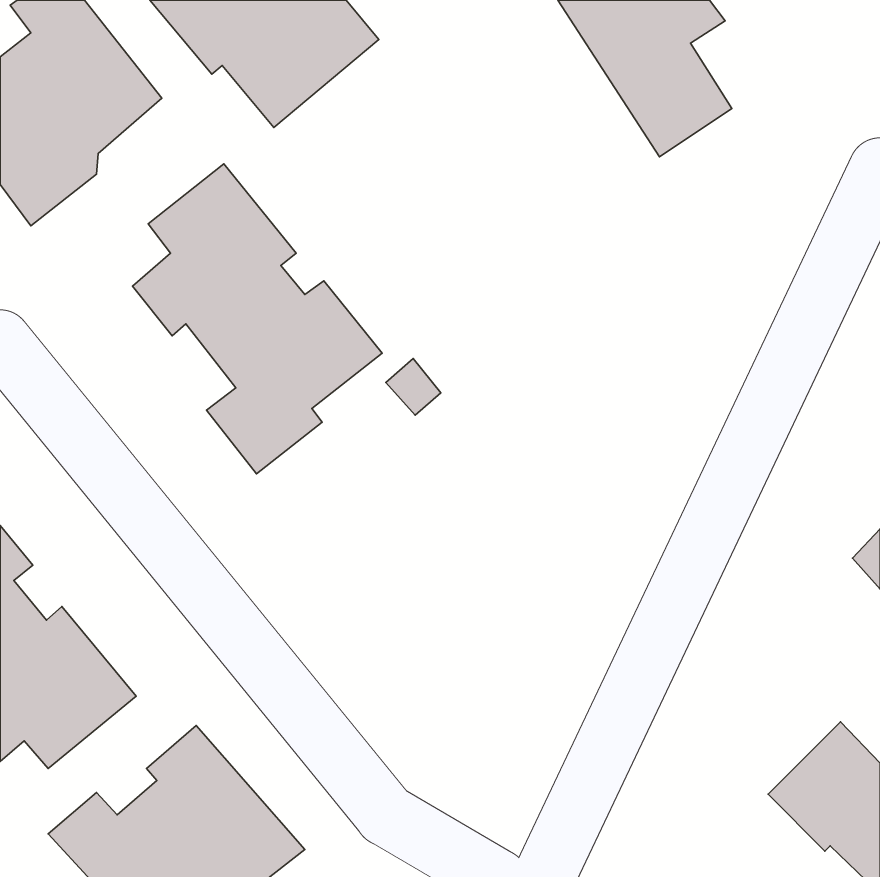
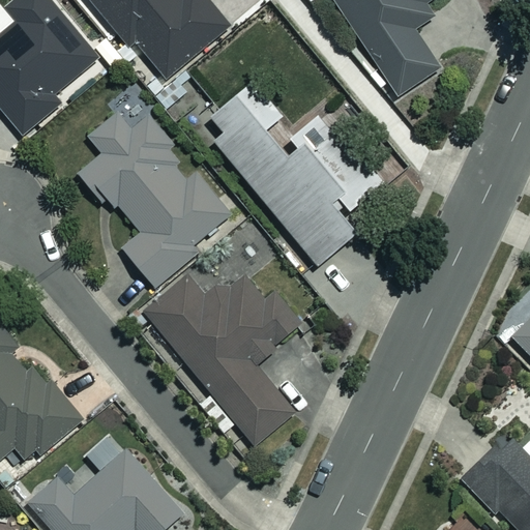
building: none -> [210,80,384,264]
building: none -> [145,271,300,445]

